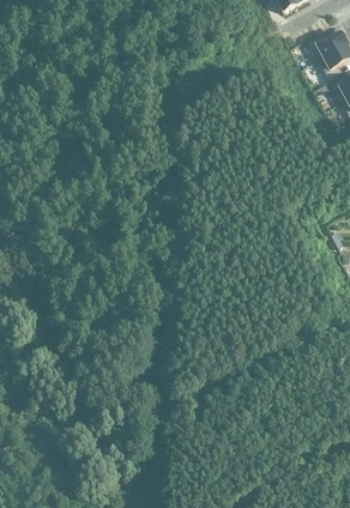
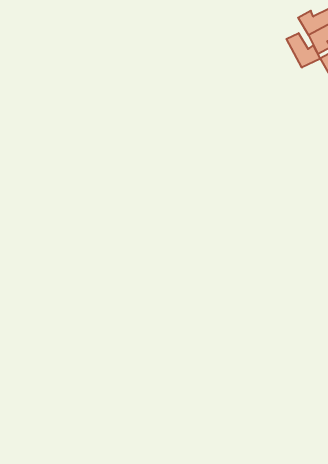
building: none -> [286,33,320,68]

